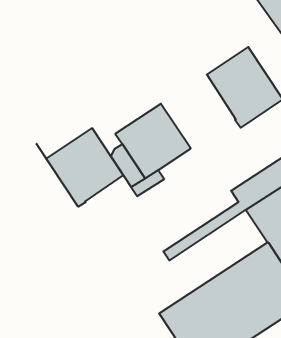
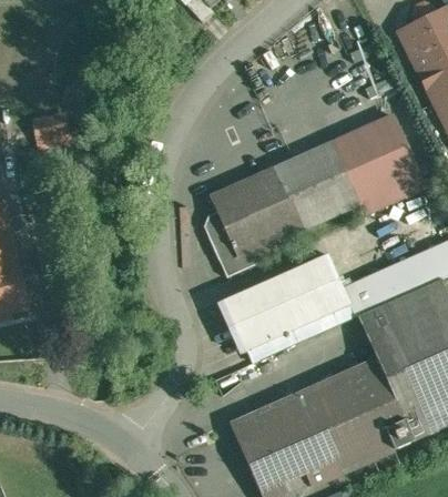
building: none -> [273,141,362,229]
building: [37,128,123,207] -> none
building: none -> [216,254,348,353]

